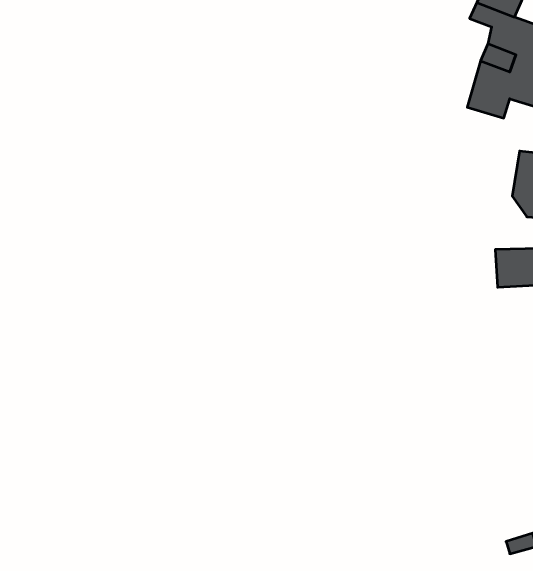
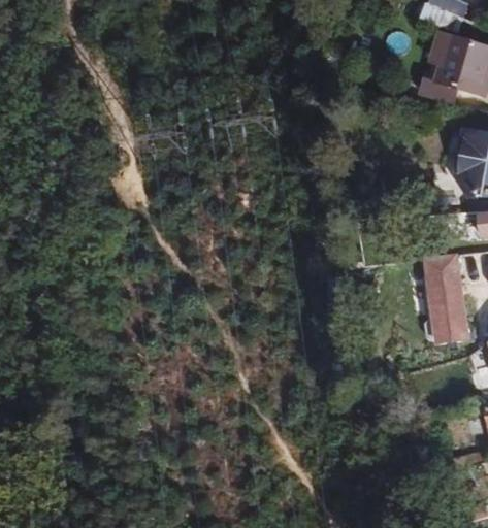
building: none -> [426,255,469,342]

